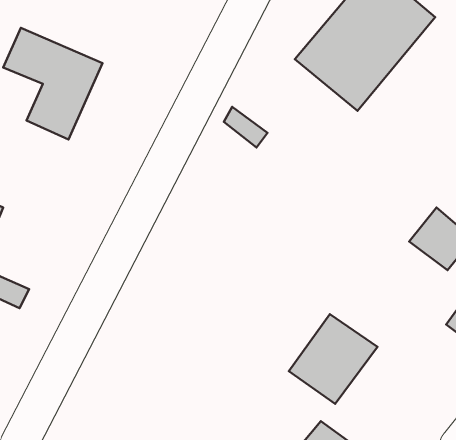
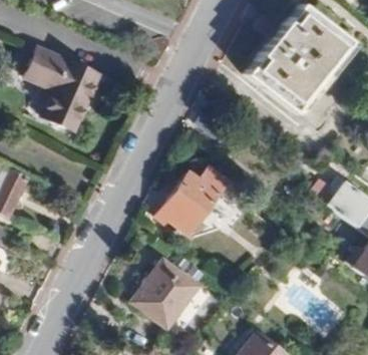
building: none -> [157,165,230,230]
building: [289,314,378,404] -> [135,260,201,326]

